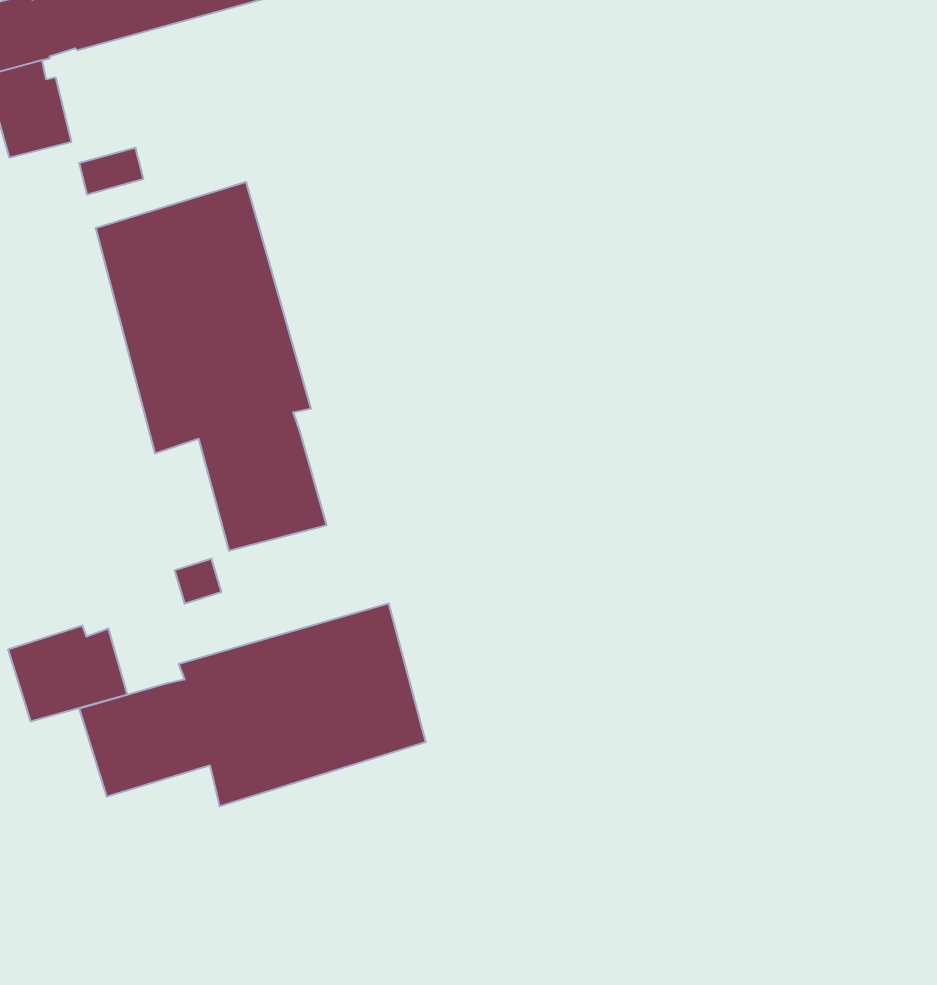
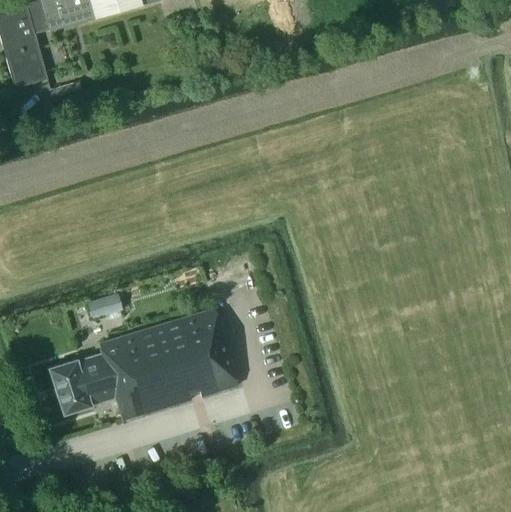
building: [96,182,326,551] -> none
building: [8,625,127,722] -> none

